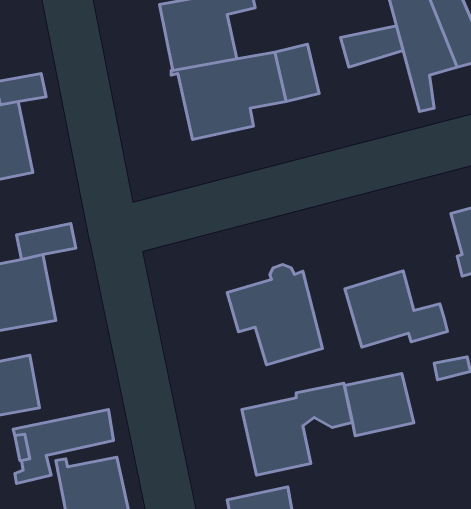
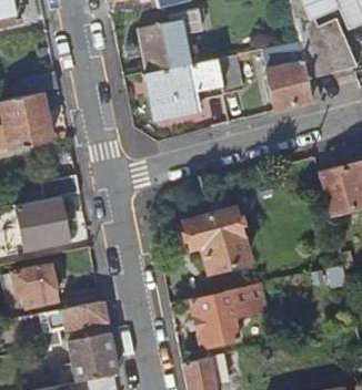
building: none -> [265,60,313,111]
building: [345,271,448,347] -> none
building: [344,373,414,436] -> none

